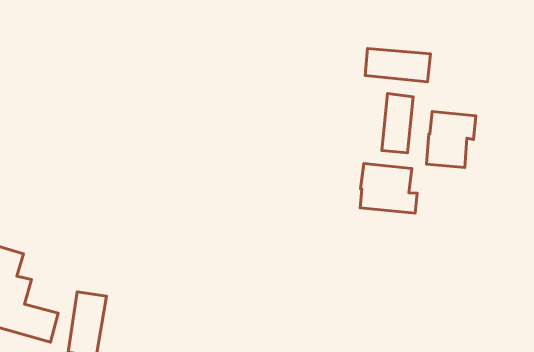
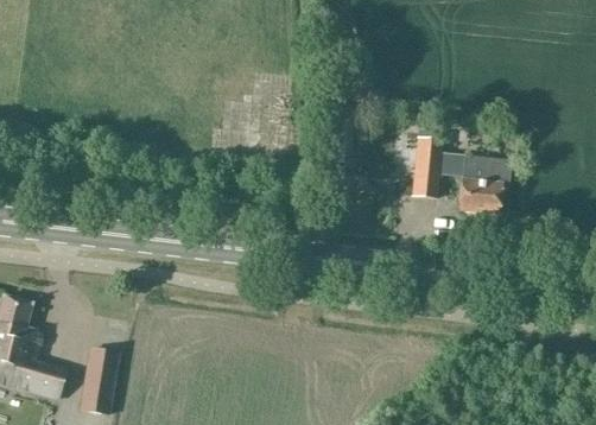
building: [365,49,430,82] -> none
building: [360,163,417,213] -> none

